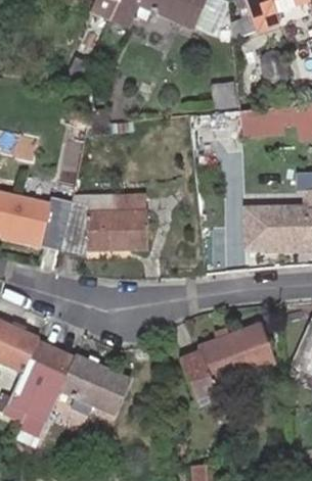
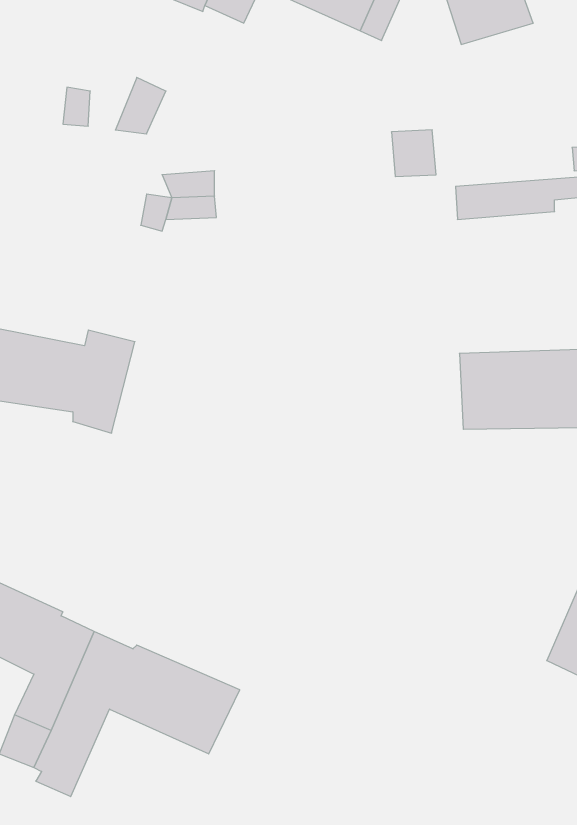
building: [61,195,150,247] -> none
building: [175,324,268,396] -> none

